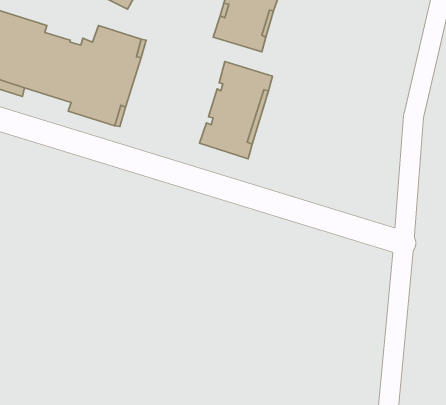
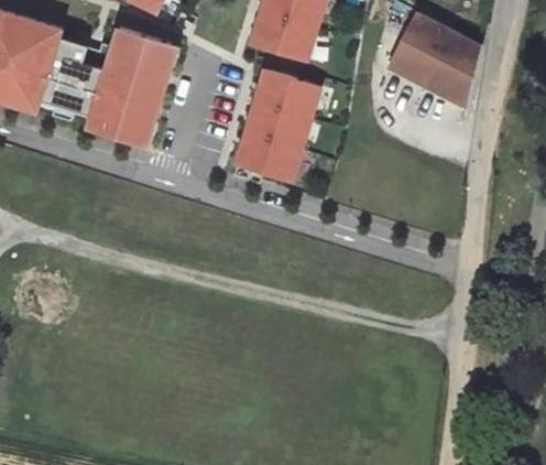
building: none -> [390,13,479,105]

